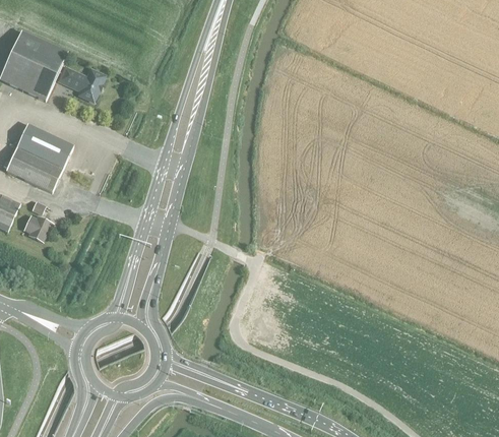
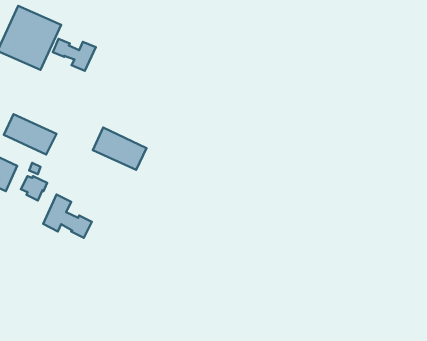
building: [15,124,73,170] -> [93,128,146,170]
building: none -> [43,194,92,238]

